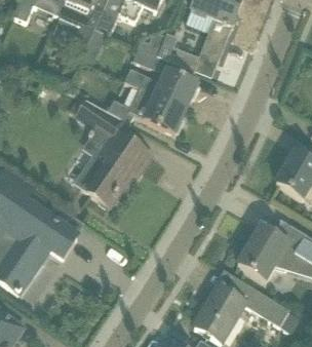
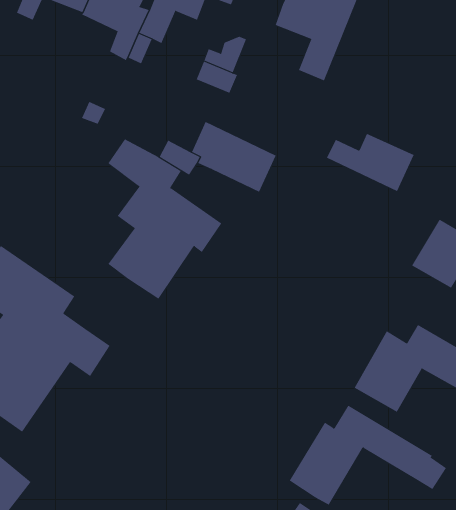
building: [157,32,200,71] -> none
building: [139,71,197,110] -> [326,133,414,192]

